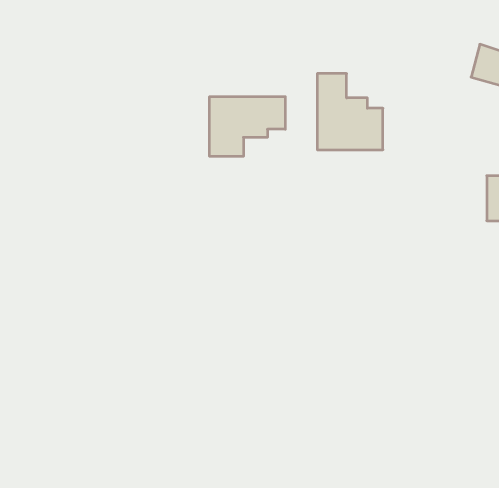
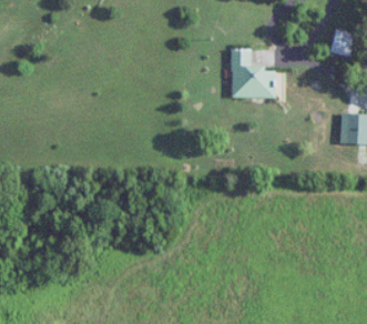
building: [210,97,285,156] -> none

